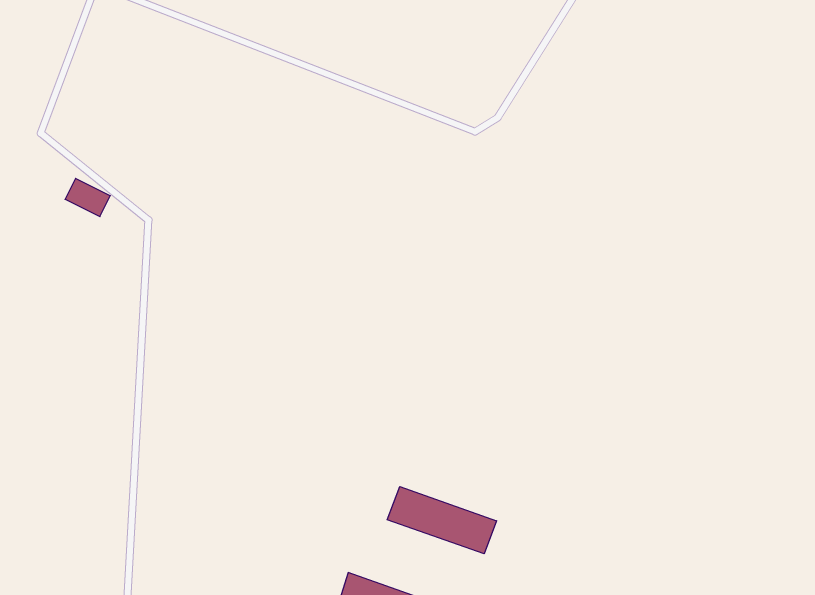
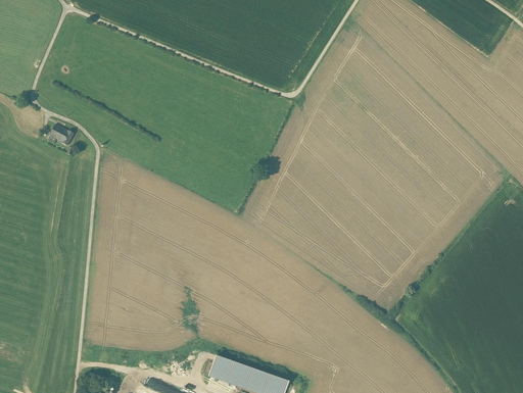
building: [387,487,497,554] -> none

